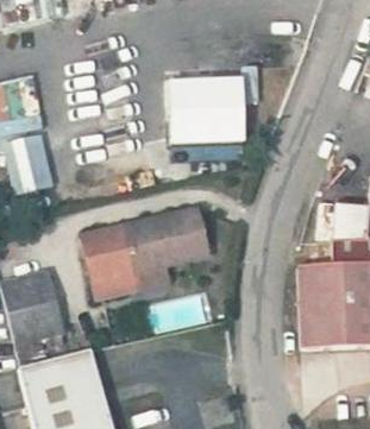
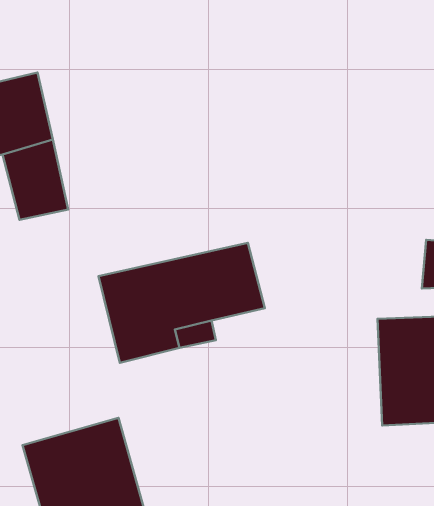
building: [170,75,244,138] -> none
building: [7,269,64,348] -> none

